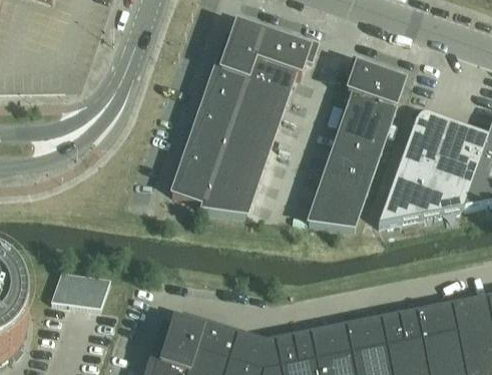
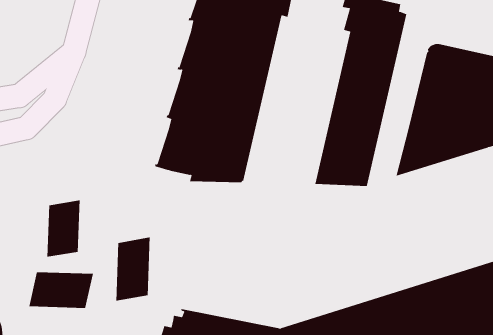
building: none -> [47,200,80,258]
building: none -> [116,237,150,302]

